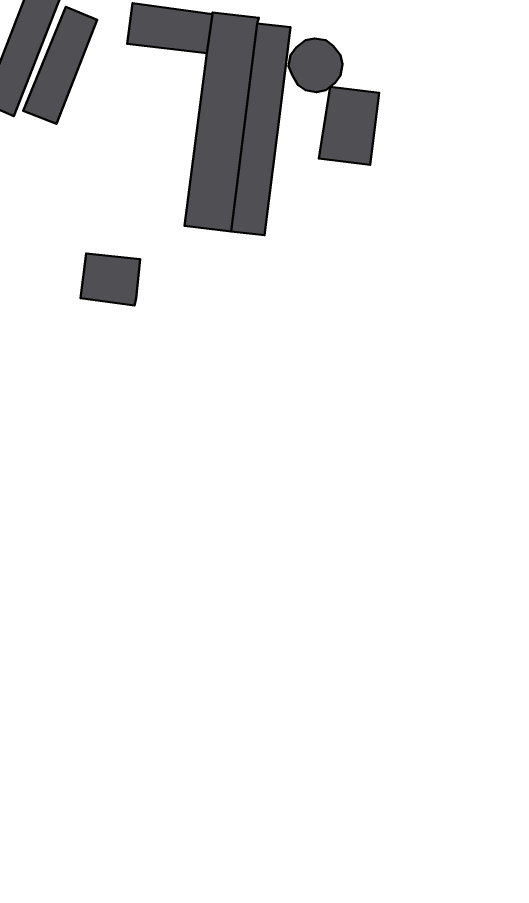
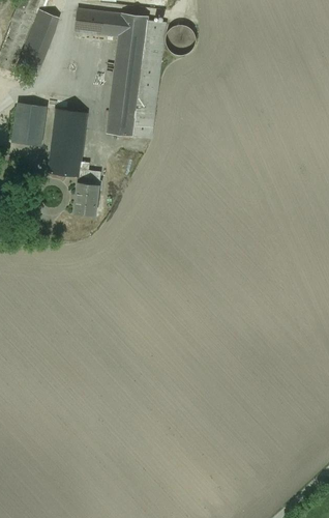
building: [319,87,379,165] -> none
building: none -> [13,104,44,143]
building: none -> [51,109,86,150]
building: none -> [72,172,98,215]

